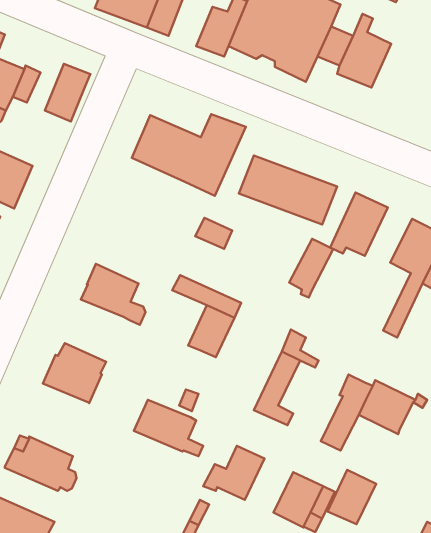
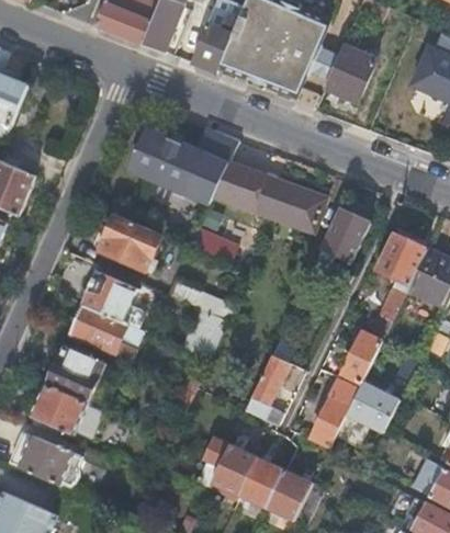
building: [45,64,91,122] -> none
building: none -> [100,216,159,269]
building: [289,239,333,298] -> [340,330,382,386]
building: none -> [31,384,88,433]
building: [134,400,203,456] -> [68,304,134,358]
building: [328,470,376,524] -> [237,455,283,507]

